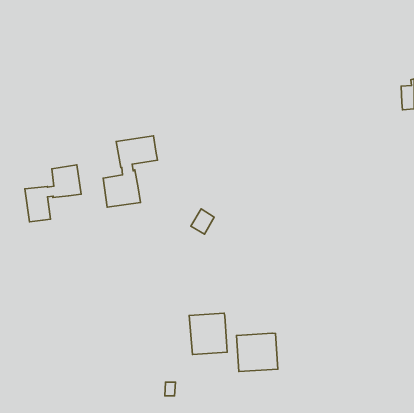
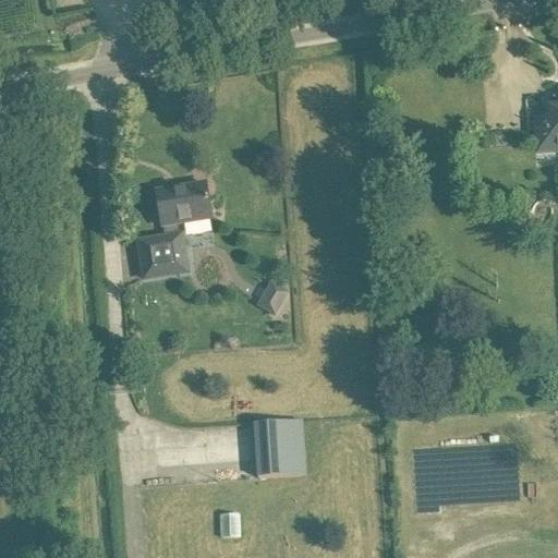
building: [25,165,81,222] -> none
building: [236,333,278,371] -> none

